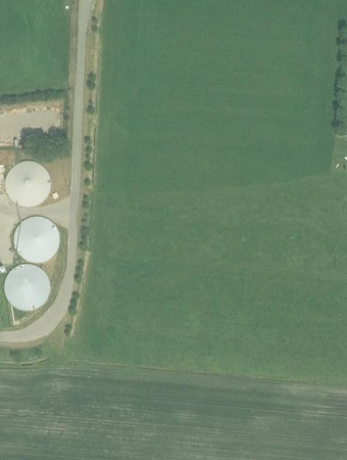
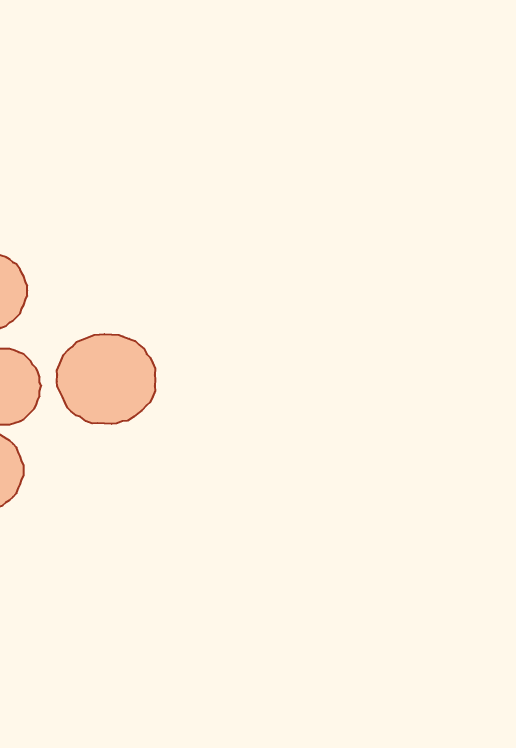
building: none -> [57,334,155,424]

